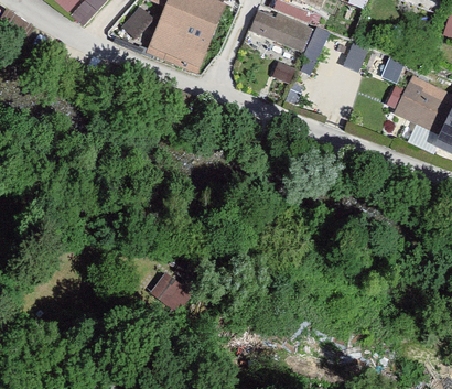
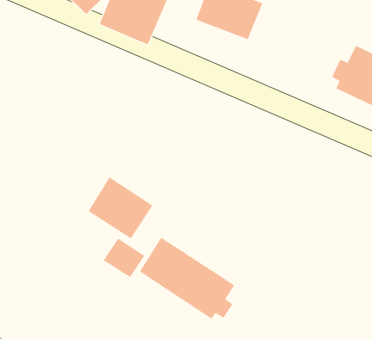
building: none -> [88,177,153,239]
building: none -> [139,237,235,320]

